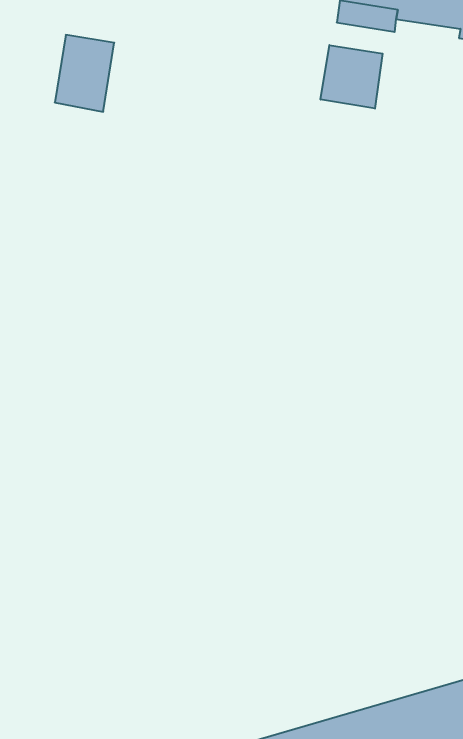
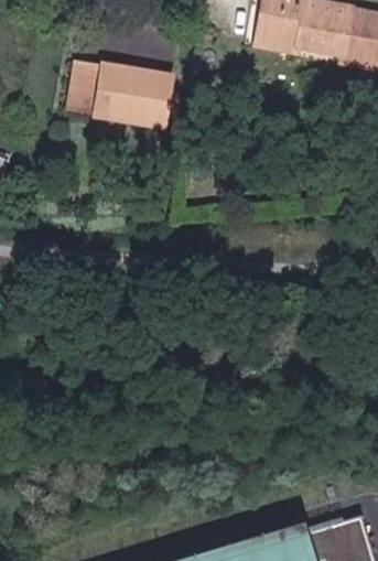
building: none -> [95,64,170,125]
building: [321,45,383,109] -> none

